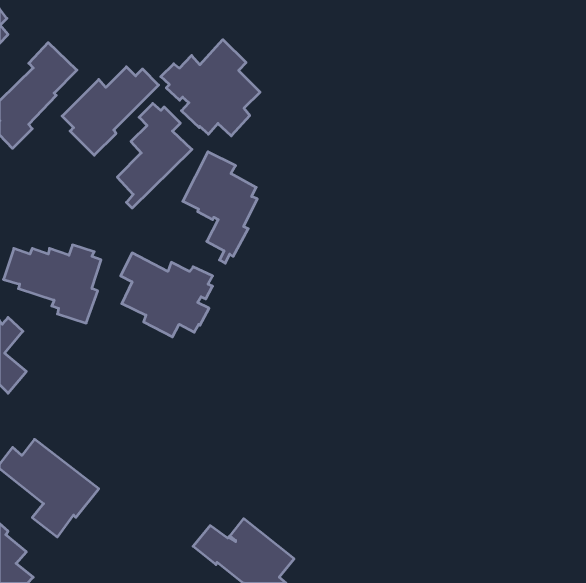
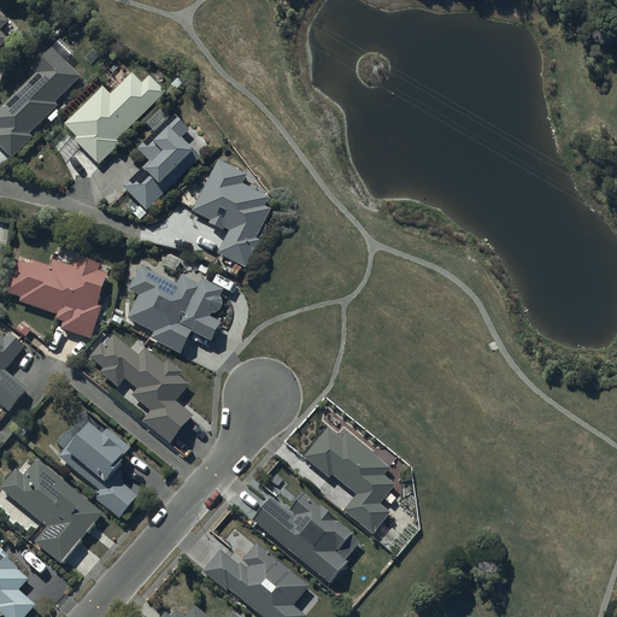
building: [161,40,260,136] -> none
building: none -> [89,334,192,445]
building: none -> [54,423,139,519]
building: none -> [302,428,394,533]
building: none -> [252,493,352,583]

